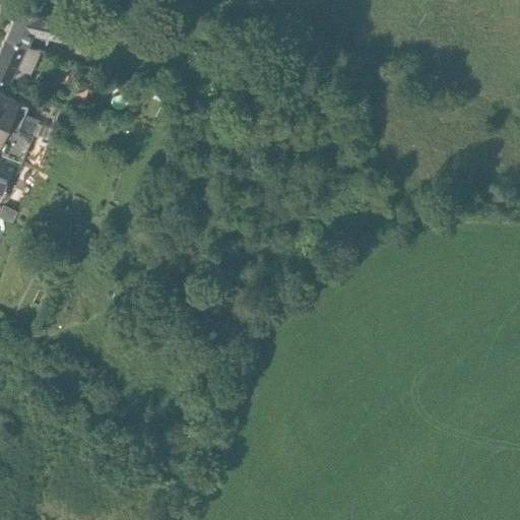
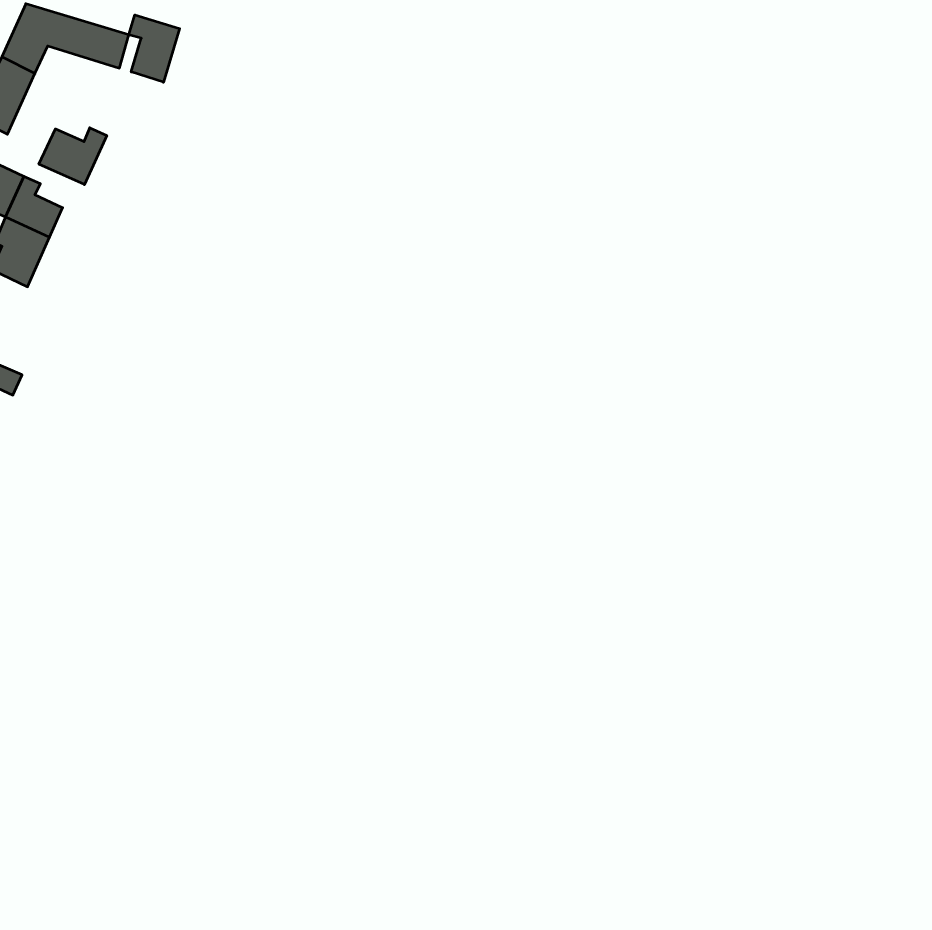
building: none -> [129,15,180,82]
building: none -> [39,128,107,185]

